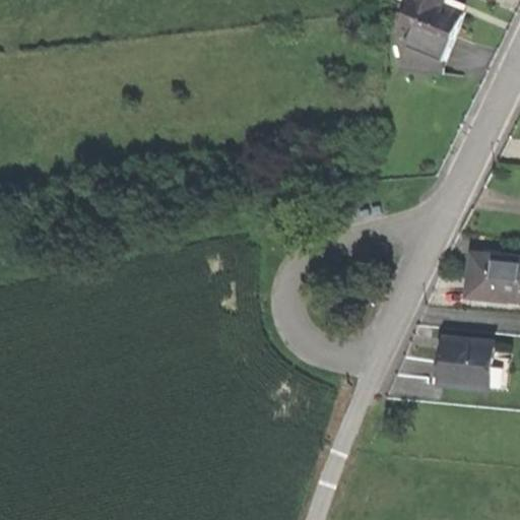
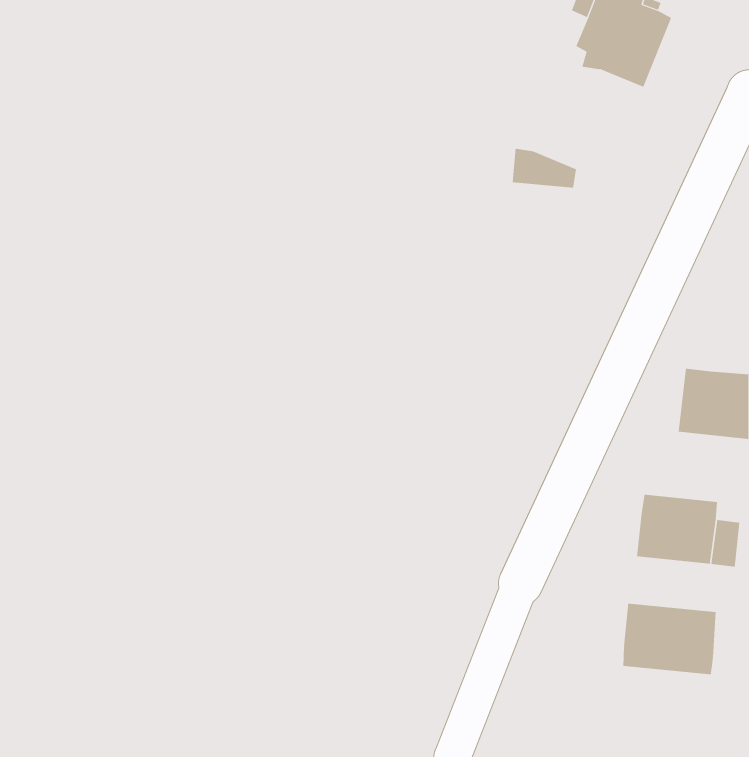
building: [396,46,441,73] -> [512,148,577,188]
building: none -> [623,603,716,675]

